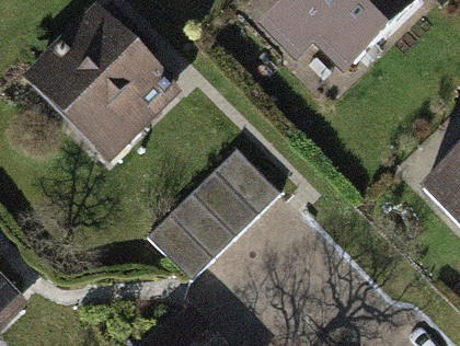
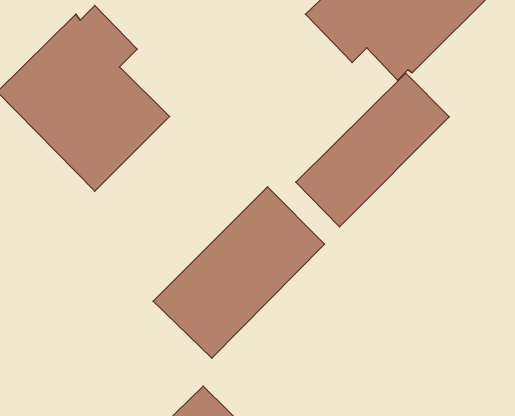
building: none -> [296,73,449,227]

